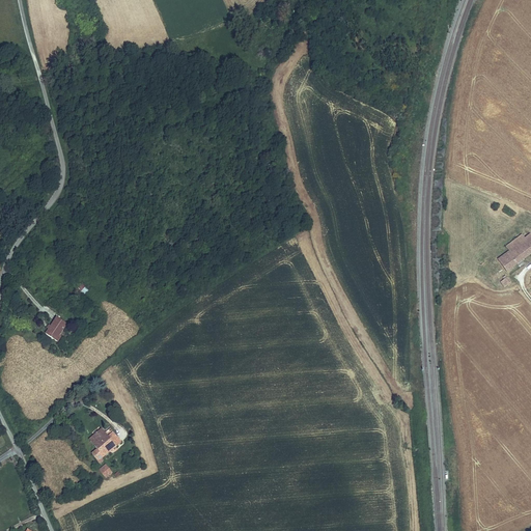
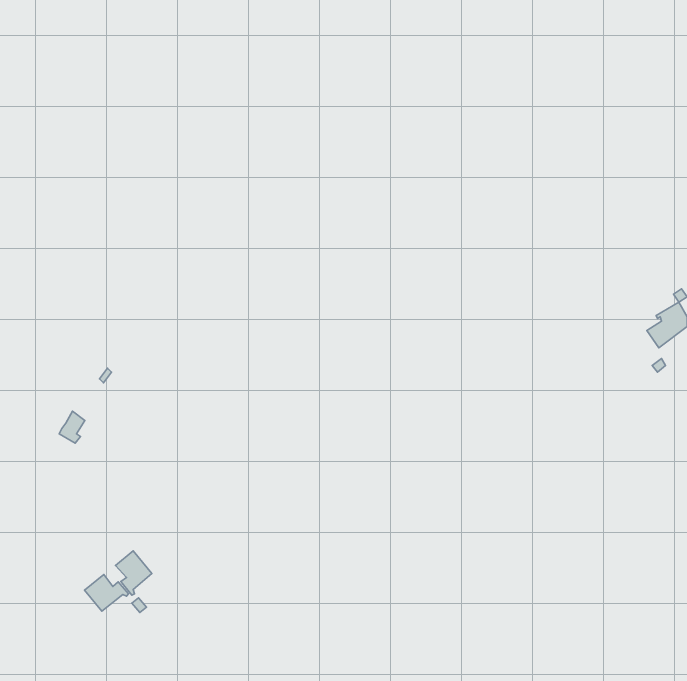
building: none -> [84,575,129,611]

